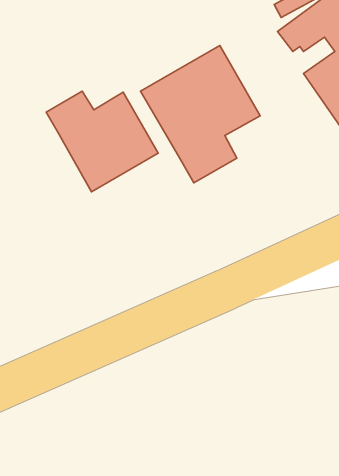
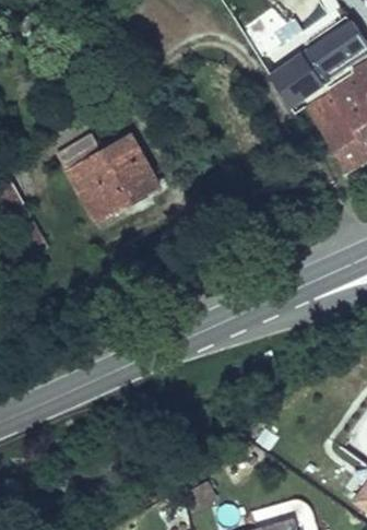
building: [140,46,260,183] -> none

